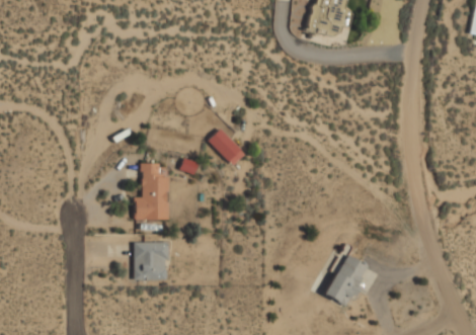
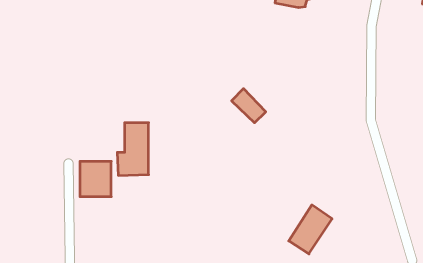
building: [209,128,246,165] -> [232,89,266,123]
building: [135,242,169,280] -> [80,161,111,197]

